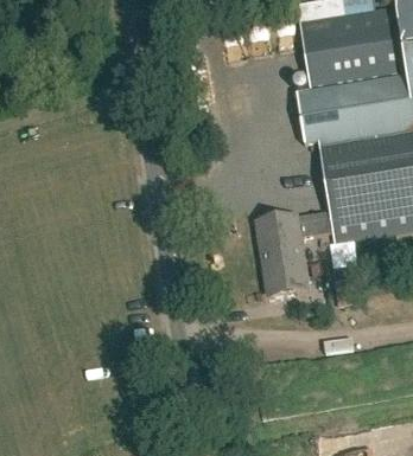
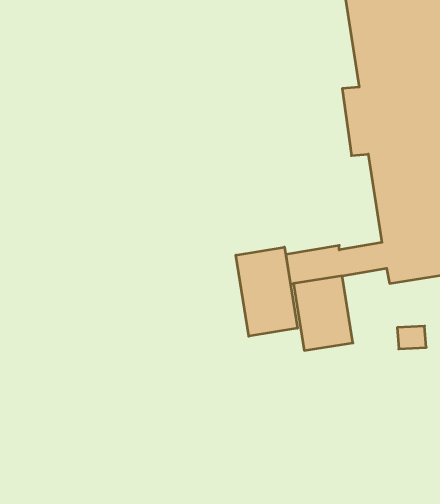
building: none -> [236,247,297,336]

